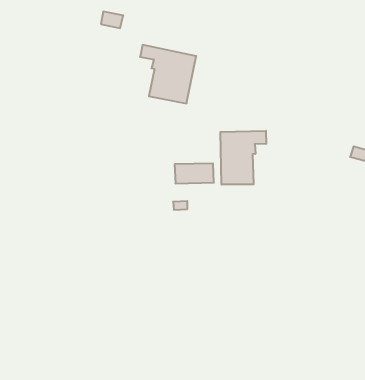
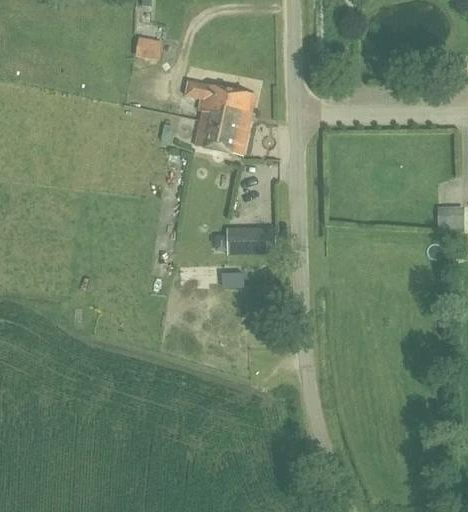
building: [220,131,266,185] -> none

